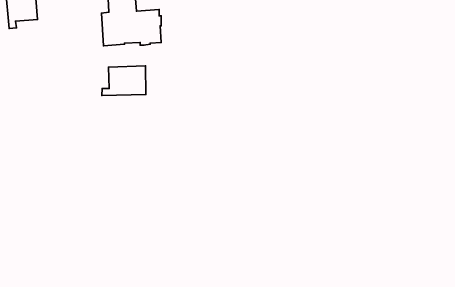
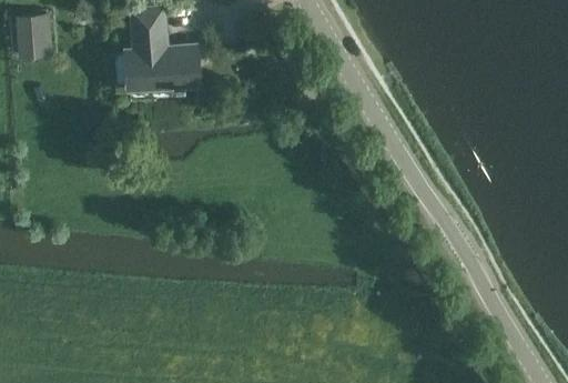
building: [102,66,146,96] -> none

